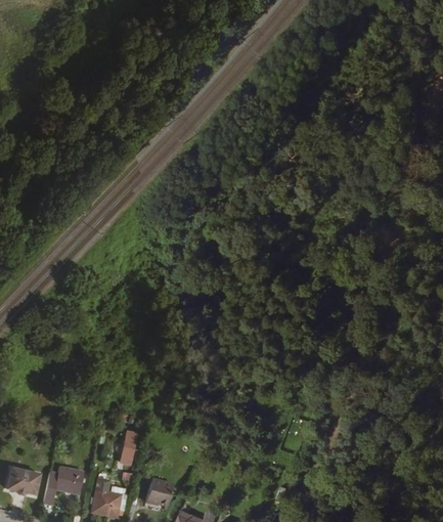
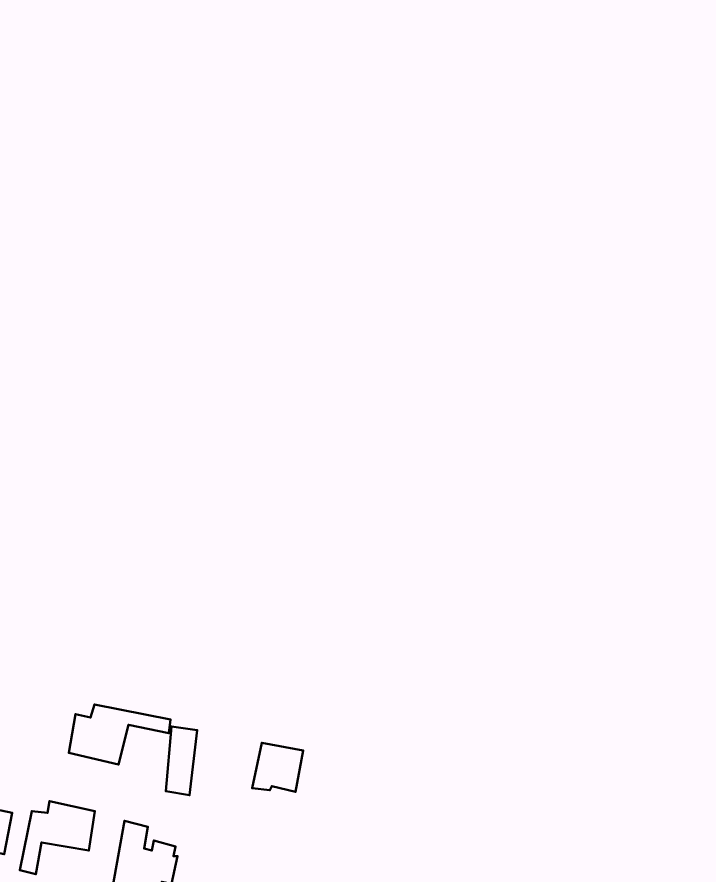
building: none -> [69,704,170,764]
building: [145,478,172,504] -> [252,743,303,792]

